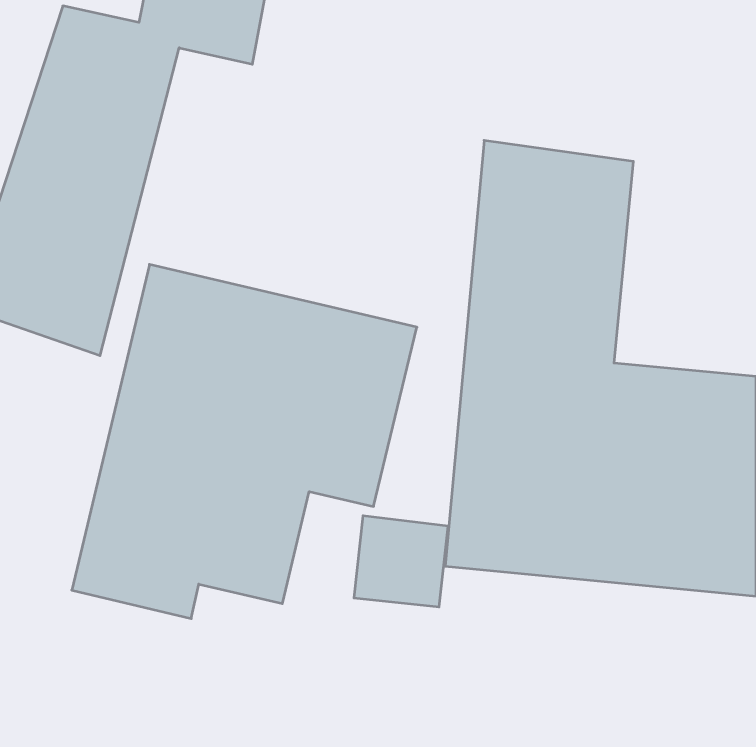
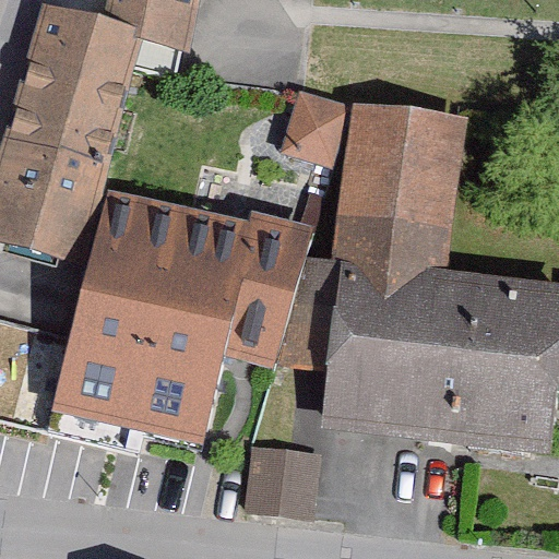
building: none -> [272,82,335,173]
building: [354,516,448,607] -> [243,447,312,513]

